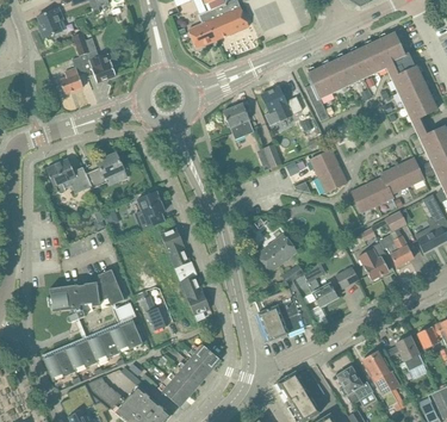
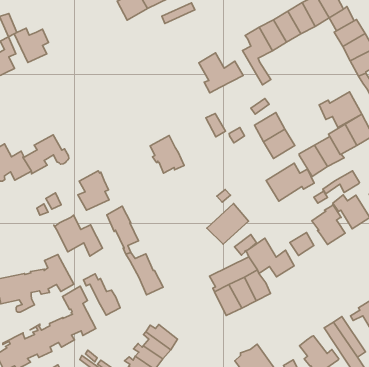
building: [223,103,254,138] -> [150,136,184,173]
building: none -> [319,92,362,127]
building: none -> [266,163,314,201]
building: none -> [54,215,103,256]

